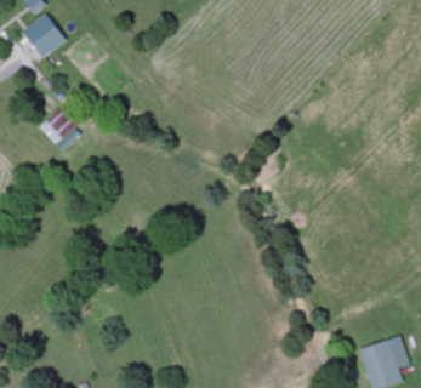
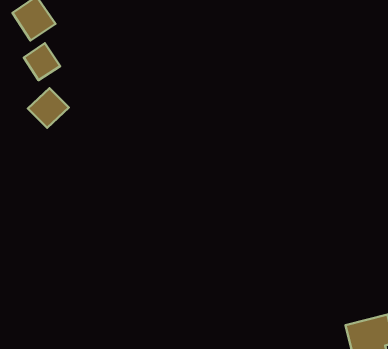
building: none -> [24,43,60,80]

